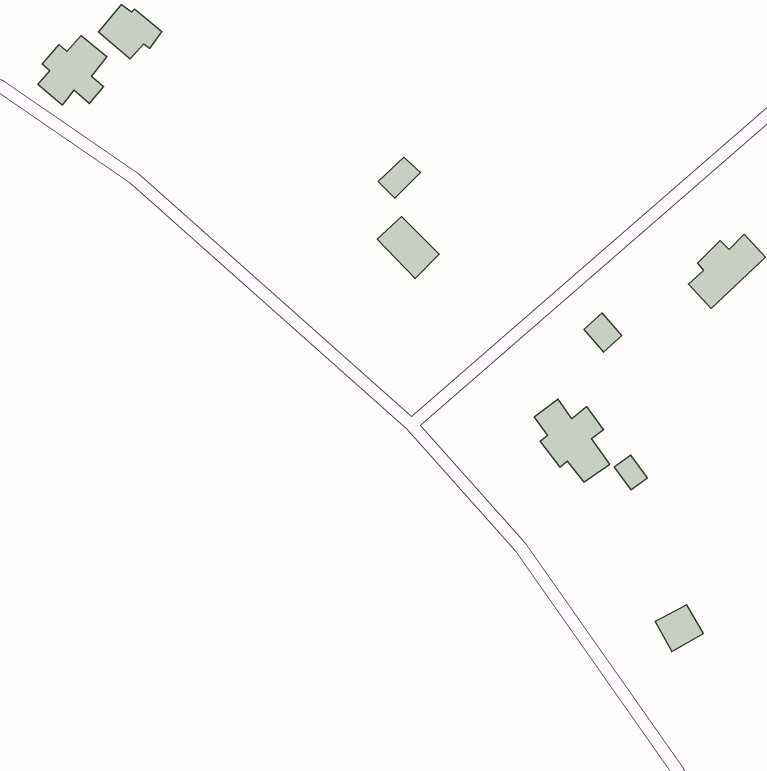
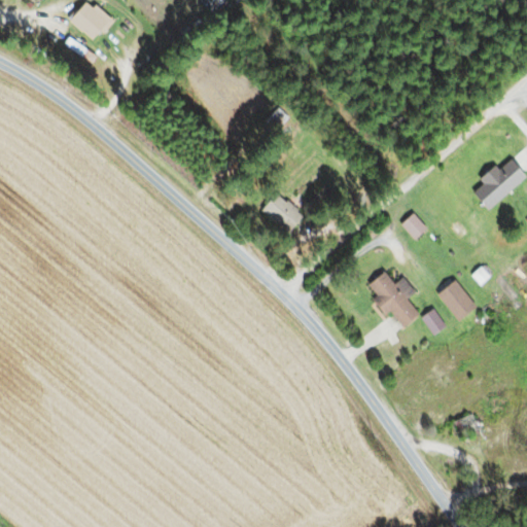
building: [38,36,107,105] -> none
building: [377,217,439,279] -> [261,191,304,234]
building: none -> [437,279,477,322]

